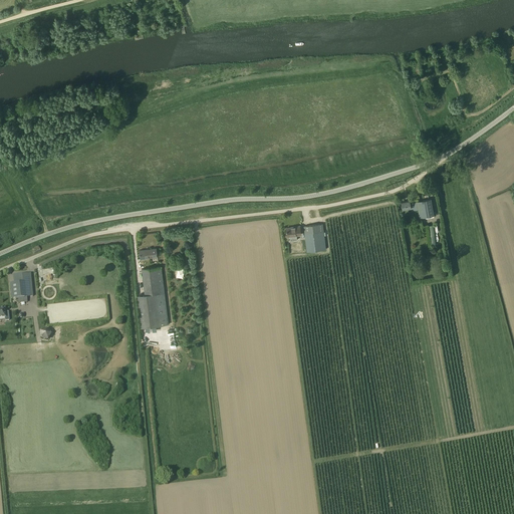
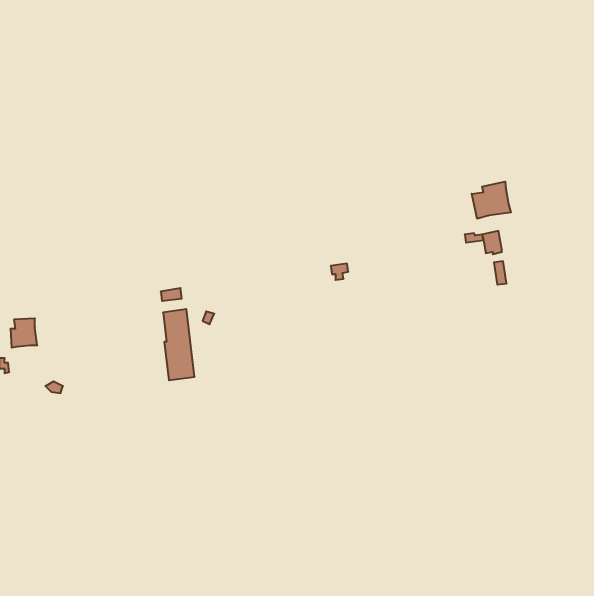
building: none -> [472,182,511,219]
building: [303,224,325,252] -> none

